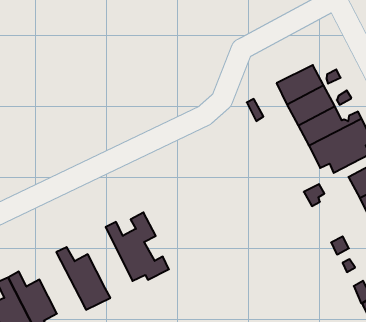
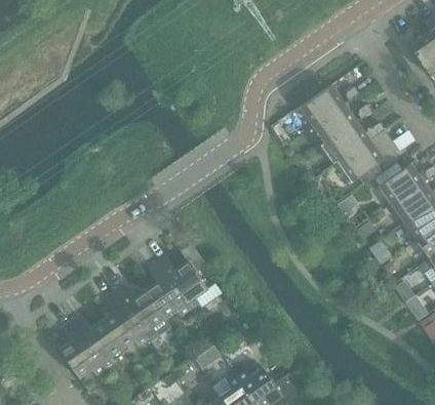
building: none -> [145,262,190,320]
building: none -> [103,292,148,350]

